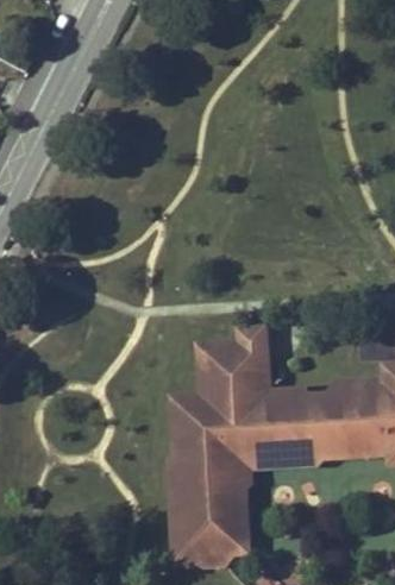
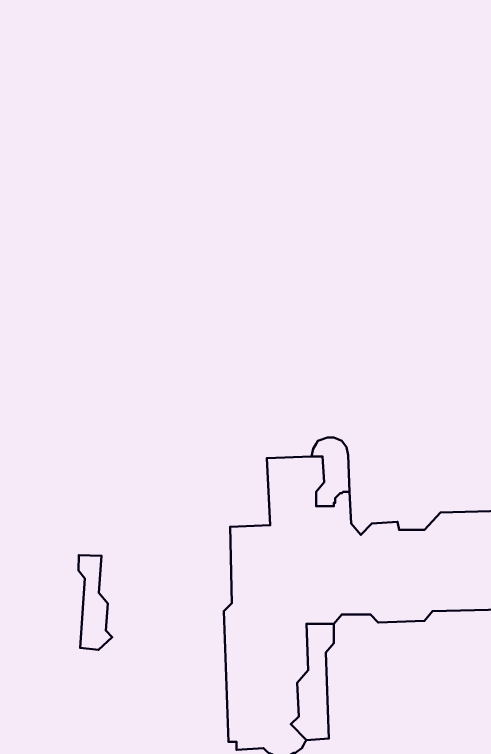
building: none -> [78,555,112,650]

